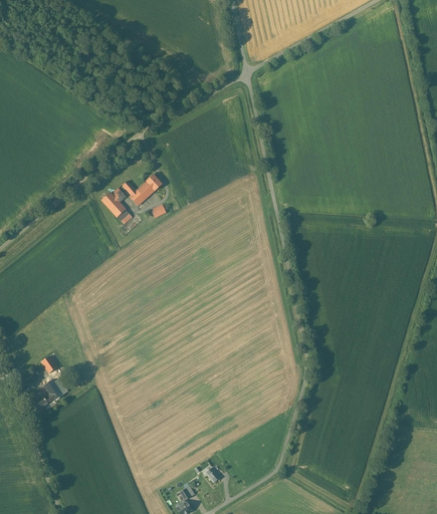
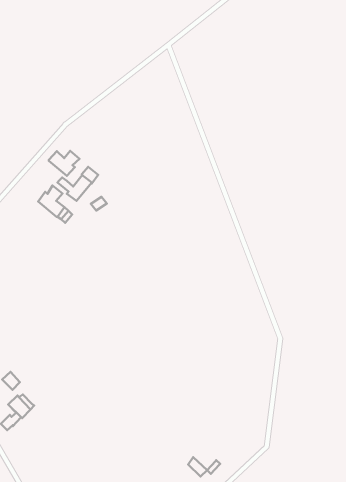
building: none -> [49,151,80,176]

